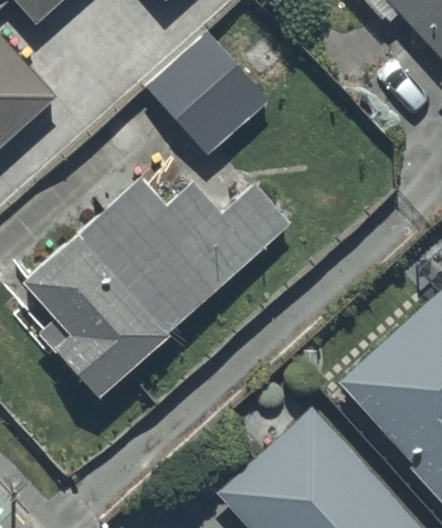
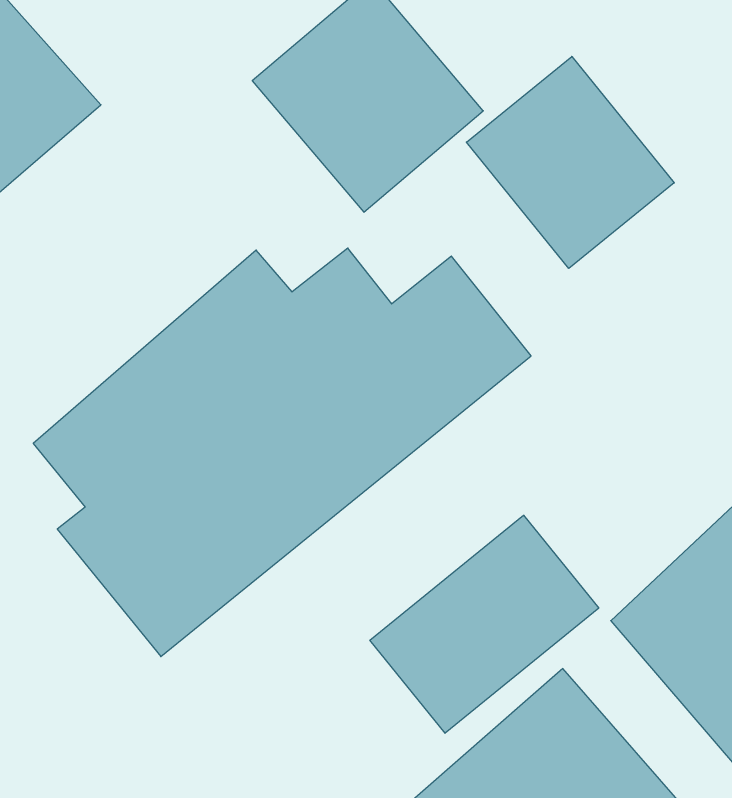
building: none -> [466,56,674,268]
building: none -> [370,515,599,733]

